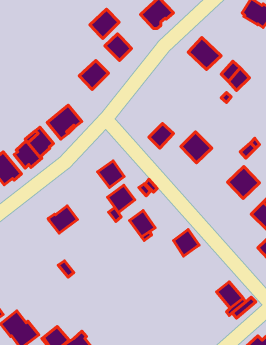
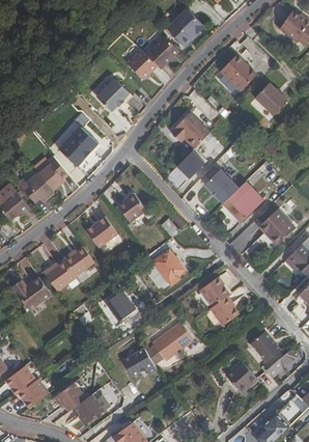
building: [90,9,119,39] -> [142,37,175,71]
building: none -> [165,113,206,153]
building: none -> [227,181,262,216]
building: [107,185,135,213] -> [82,218,113,249]
building: none -> [41,263,73,293]
building: none -> [10,280,49,311]
building: none -> [109,291,138,322]
building: none -> [212,293,238,321]
building: none -> [150,323,191,360]
building: none -> [128,348,159,375]
building: none -> [223,360,254,392]

